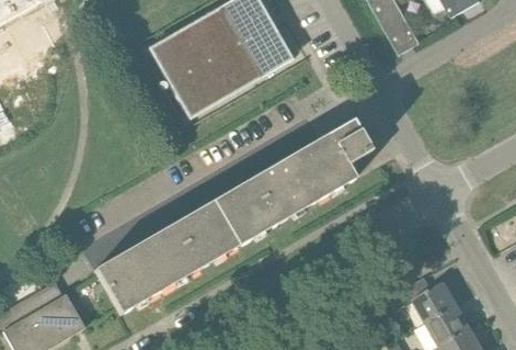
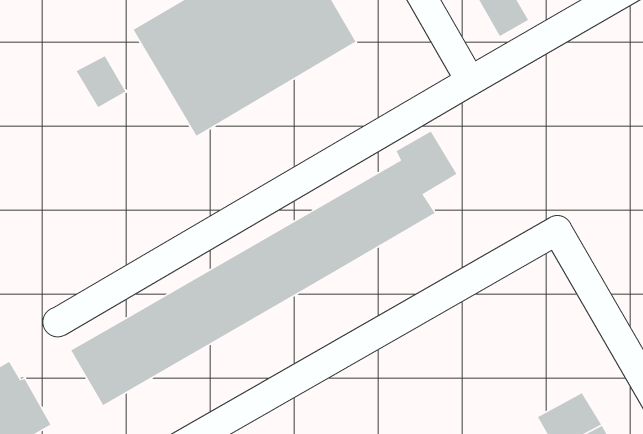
building: none -> [75,55,127,108]
building: [390,276,457,321] -> none

